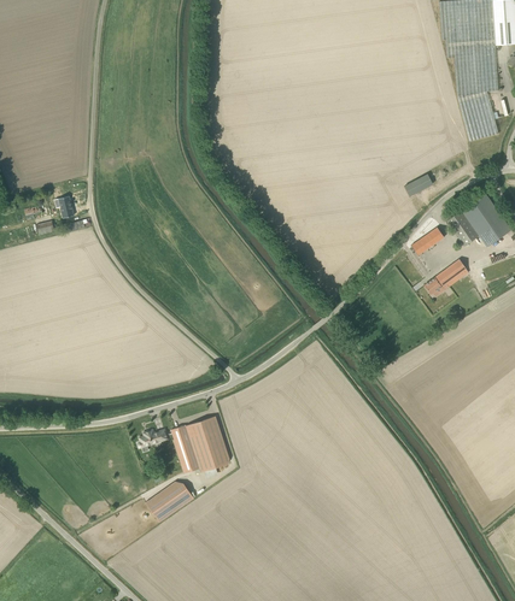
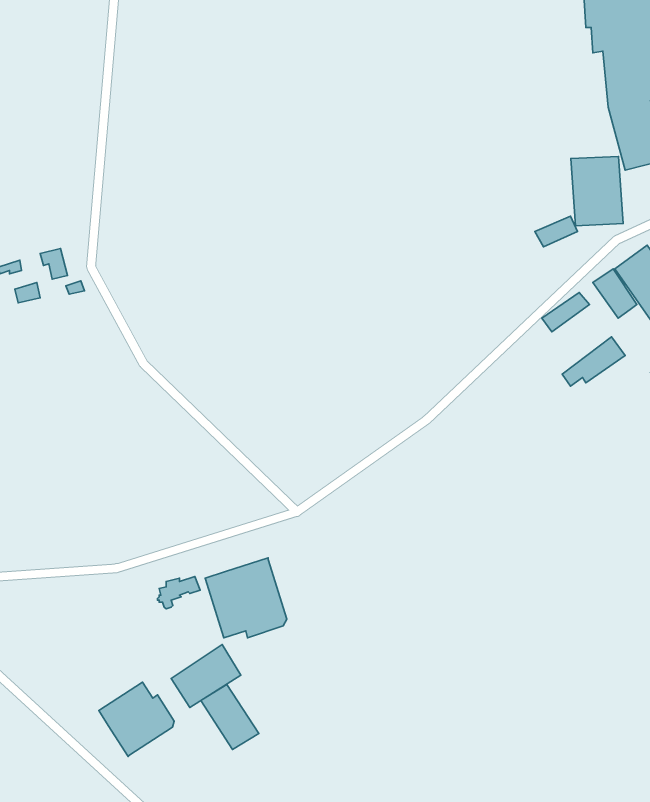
building: none -> [571,156,623,226]
building: none -> [99,682,174,757]
building: none -> [201,685,259,749]

